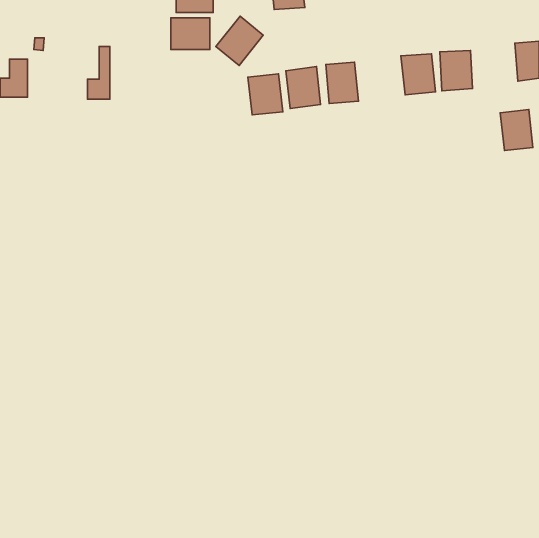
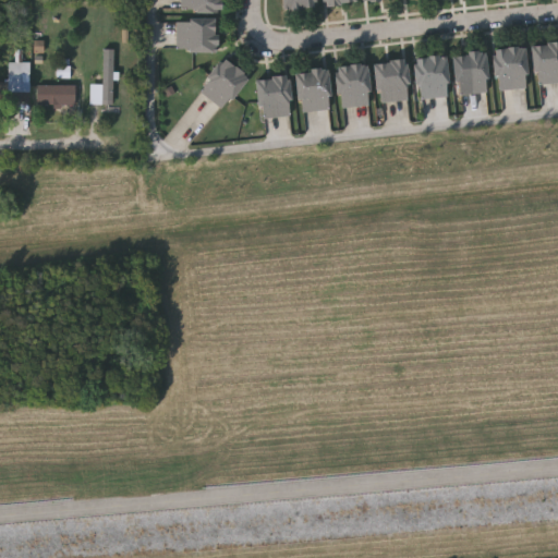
building: [216,16,263,66] -> [198,58,247,109]
building: none -> [374,59,411,102]
building: none -> [36,83,76,104]
building: [500,110,533,151] -> [495,47,529,89]

